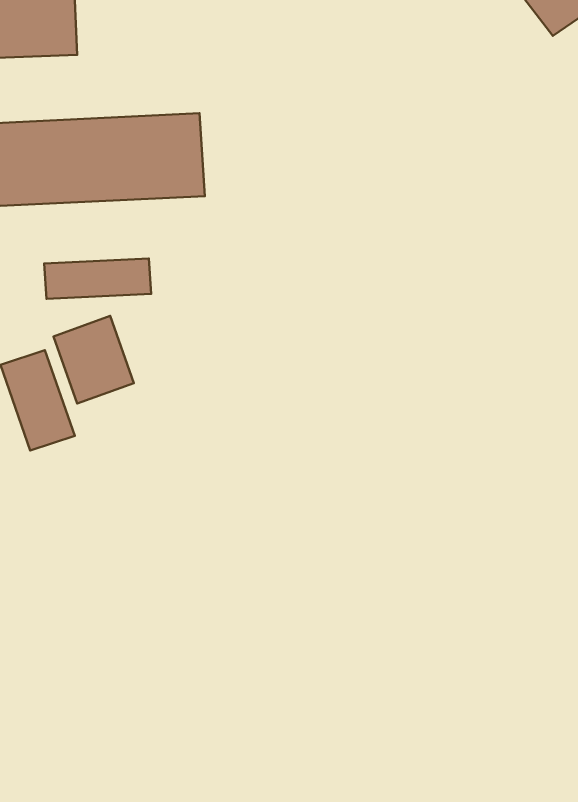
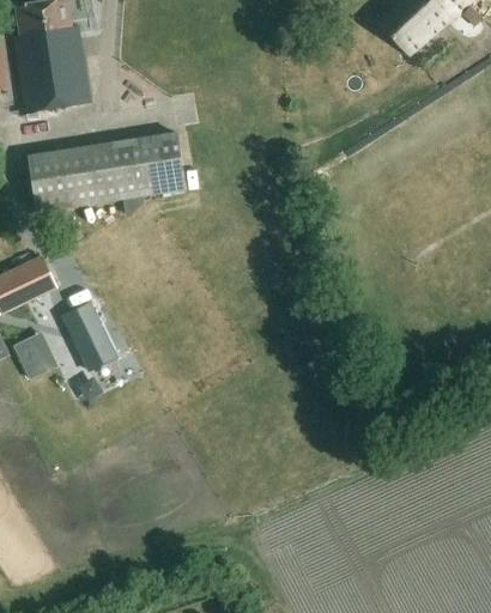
building: [44,259,151,299] -> none
building: [54,316,134,404] -> none

